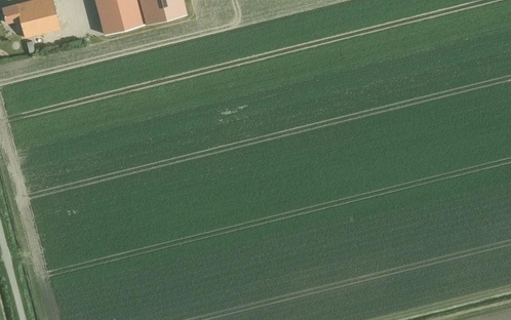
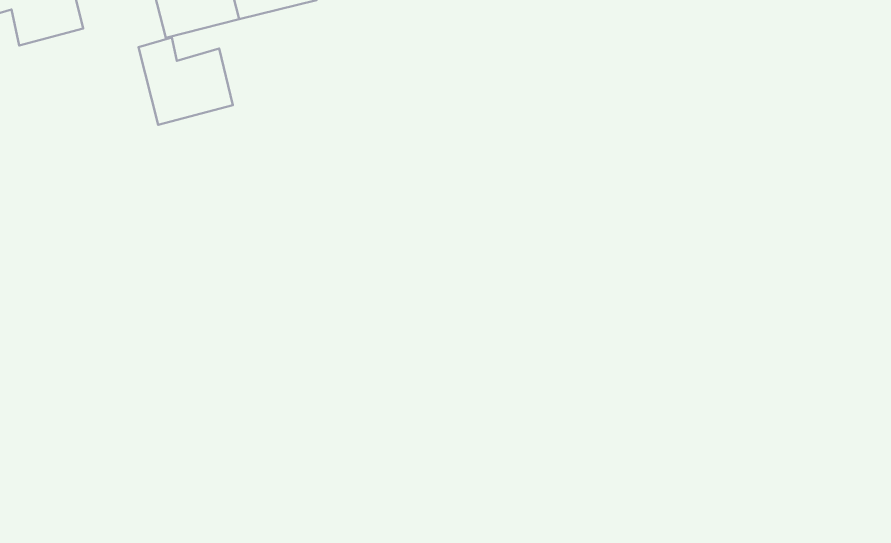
building: none -> [138,37,233,125]

